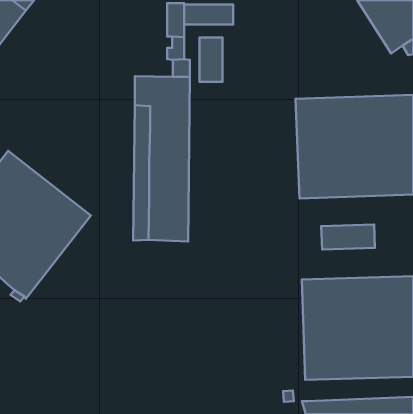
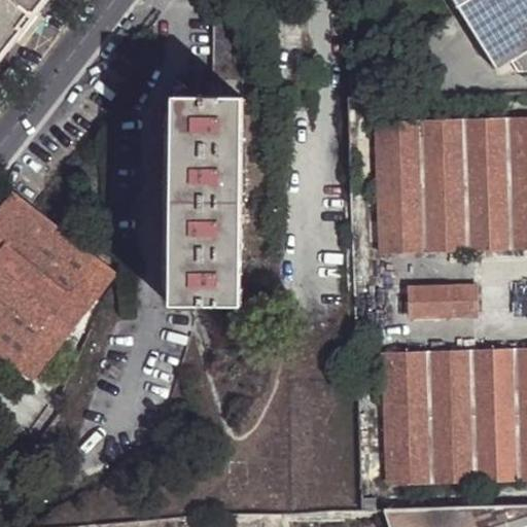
building: [184,5,233,25] -> none
building: [199,37,222,82] -> none

